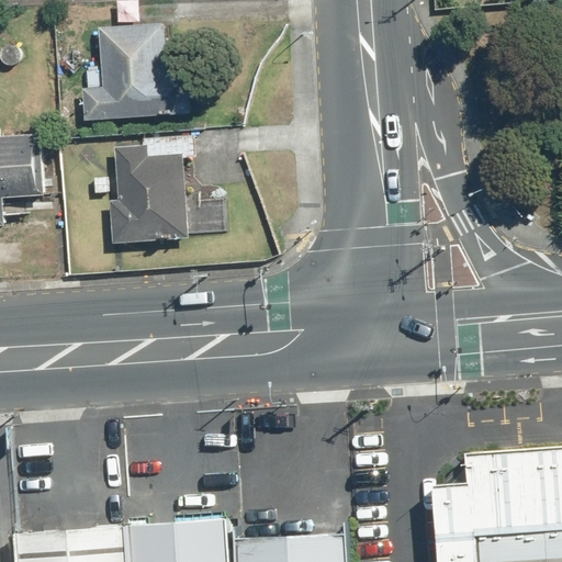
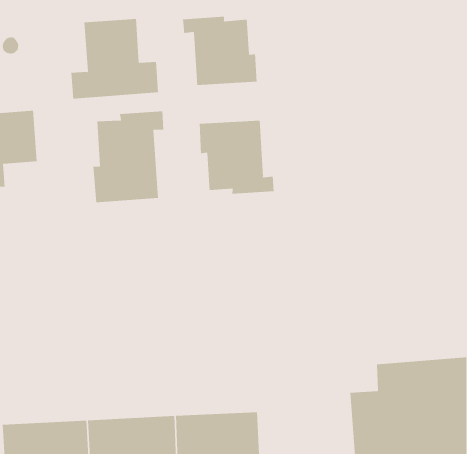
building: none -> [183,16,257,86]
building: none -> [199,120,274,194]

